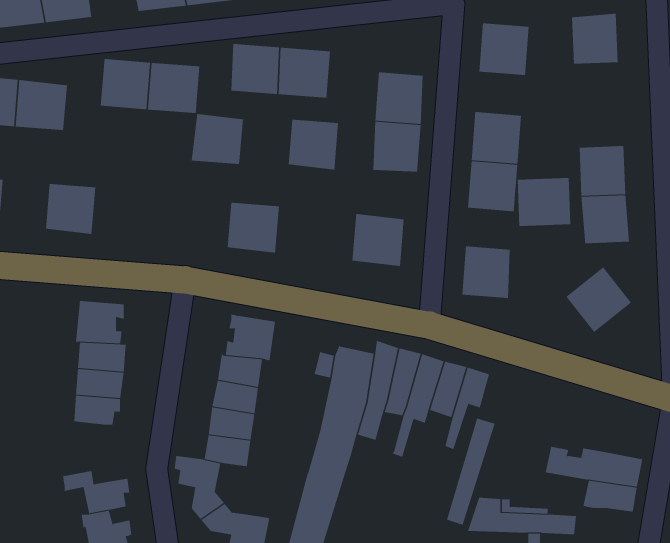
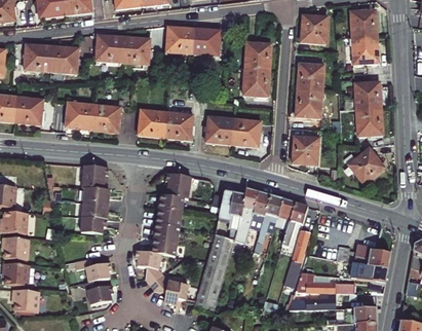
building: none -> [352,36,379,63]
building: [191,113,244,164] -> [138,109,166,137]
building: [288,119,339,170] -> [206,116,234,144]
building: [517,177,571,227] -> none
building: none -> [91,104,120,133]

